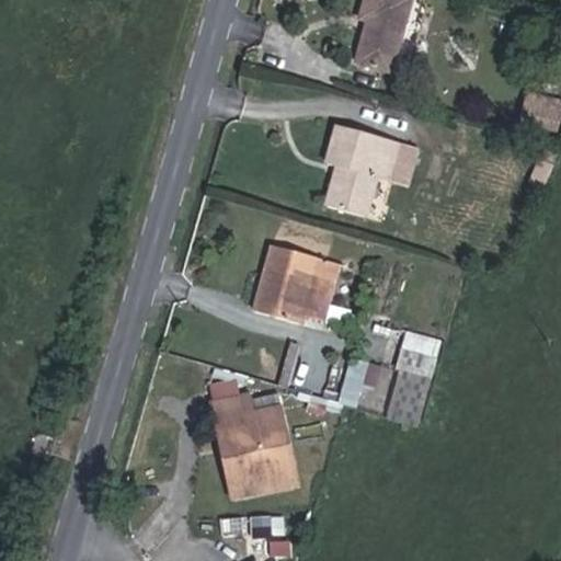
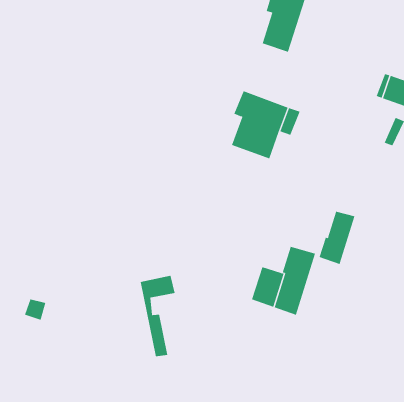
building: [250,238,324,322] -> none
building: none -> [319,211,355,265]
building: [217,393,293,482] -> none

